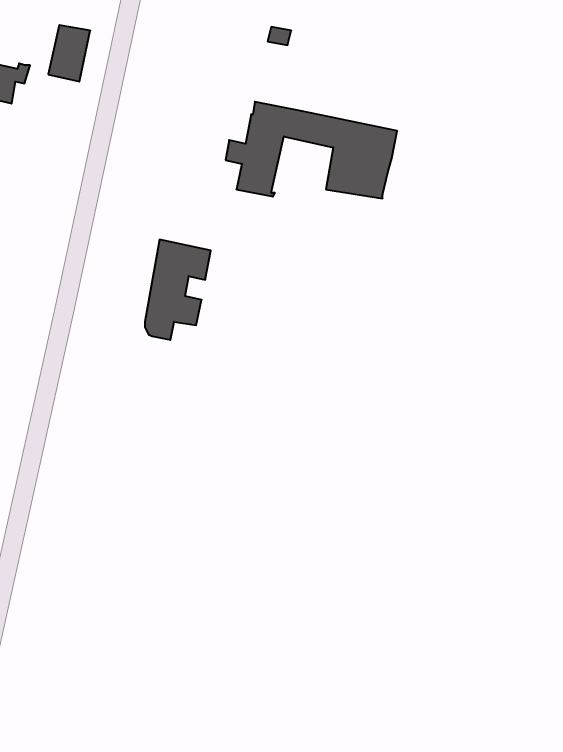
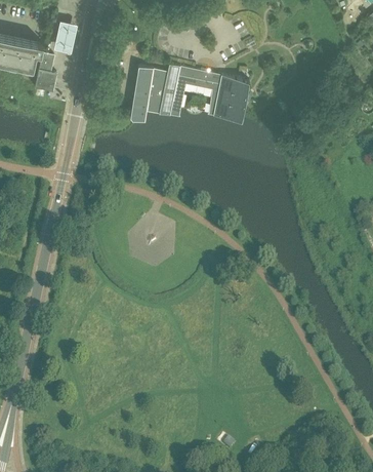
building: none -> [35,52,56,90]
building: [145,240,211,340] -> [130,65,167,121]

